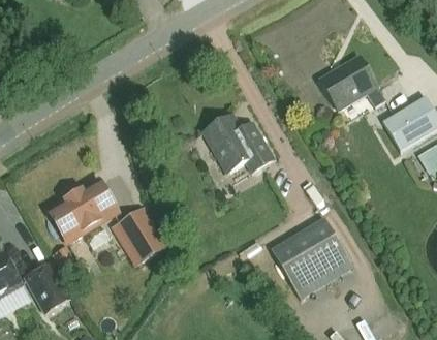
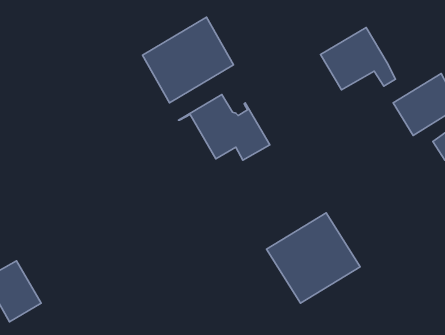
building: none -> [142,17,234,103]
building: [49,180,116,240] -> none
building: [115,207,167,264] -> none

